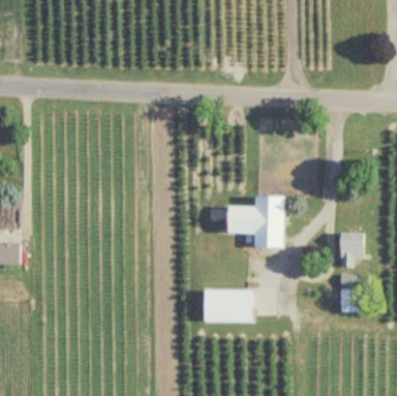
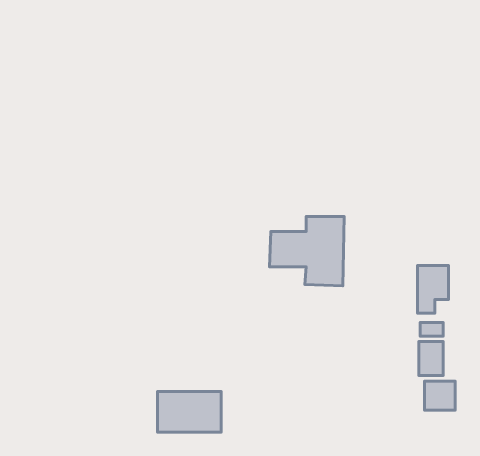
building: [203,290,251,321] -> [157,391,221,432]
building: none -> [424,381,455,410]

